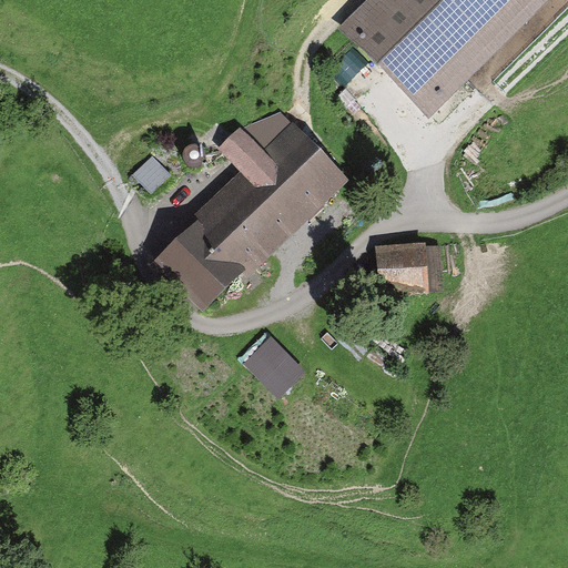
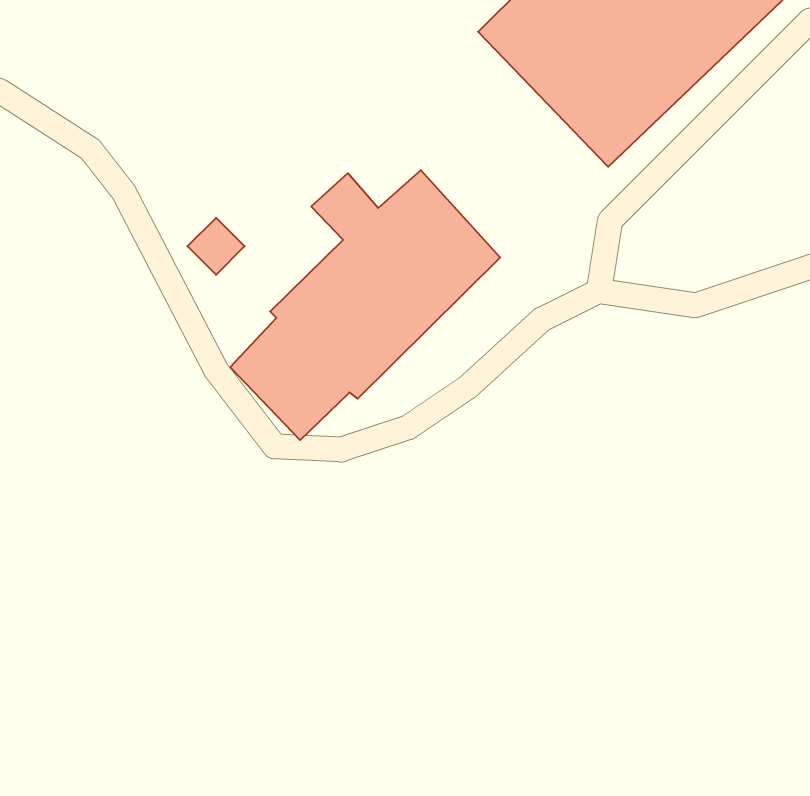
building: [373,240,428,295] -> none
building: [243,333,306,396] -> none

